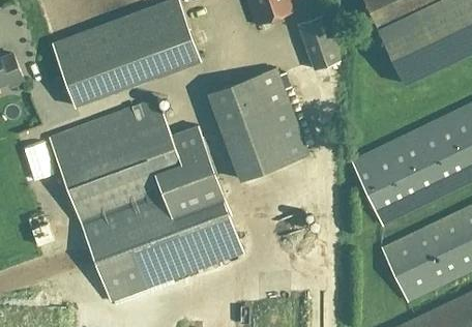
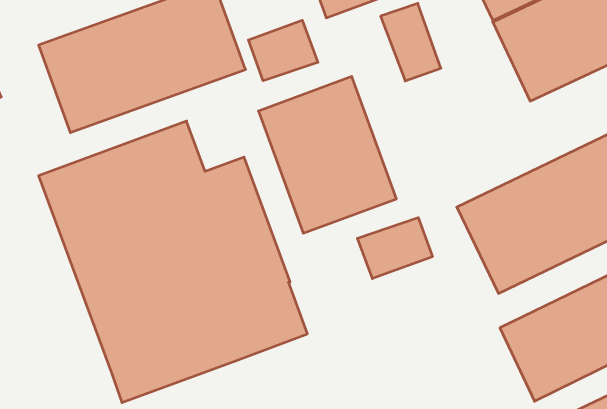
building: none -> [248,20,318,81]
building: none -> [357,218,432,279]

